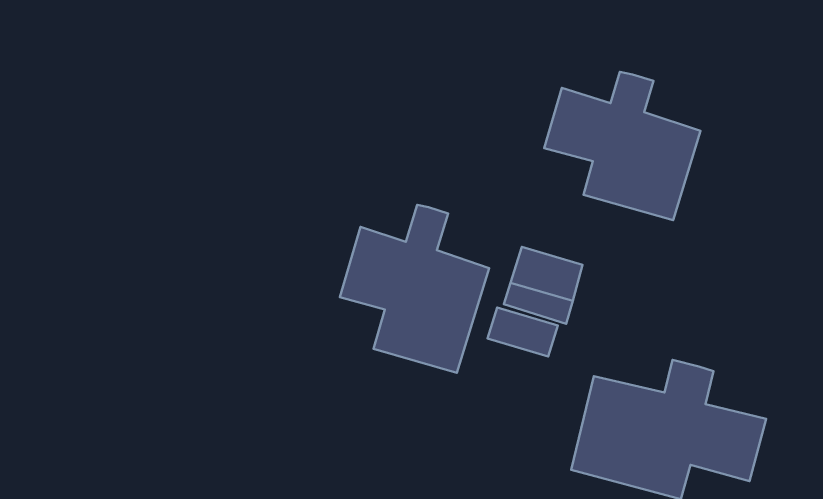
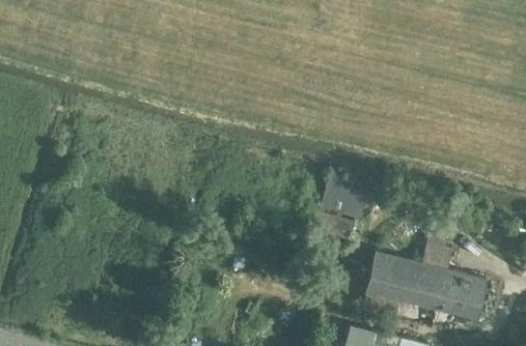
building: [544,72,700,220] -> none
building: [340,205,489,373] -> none

